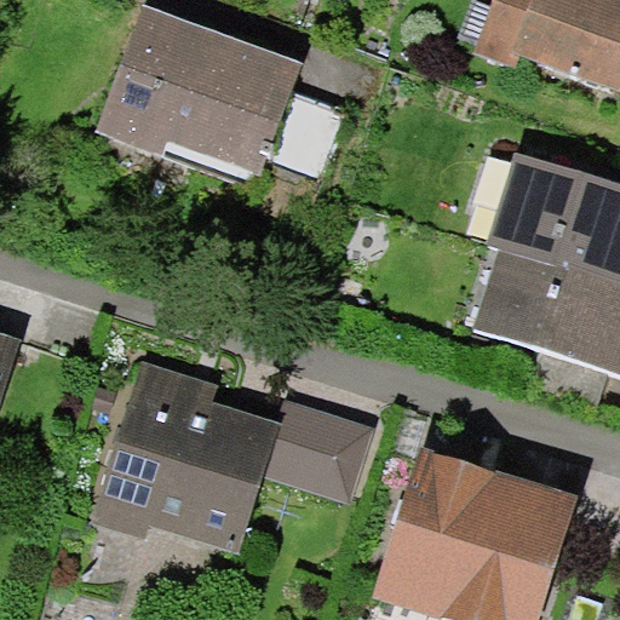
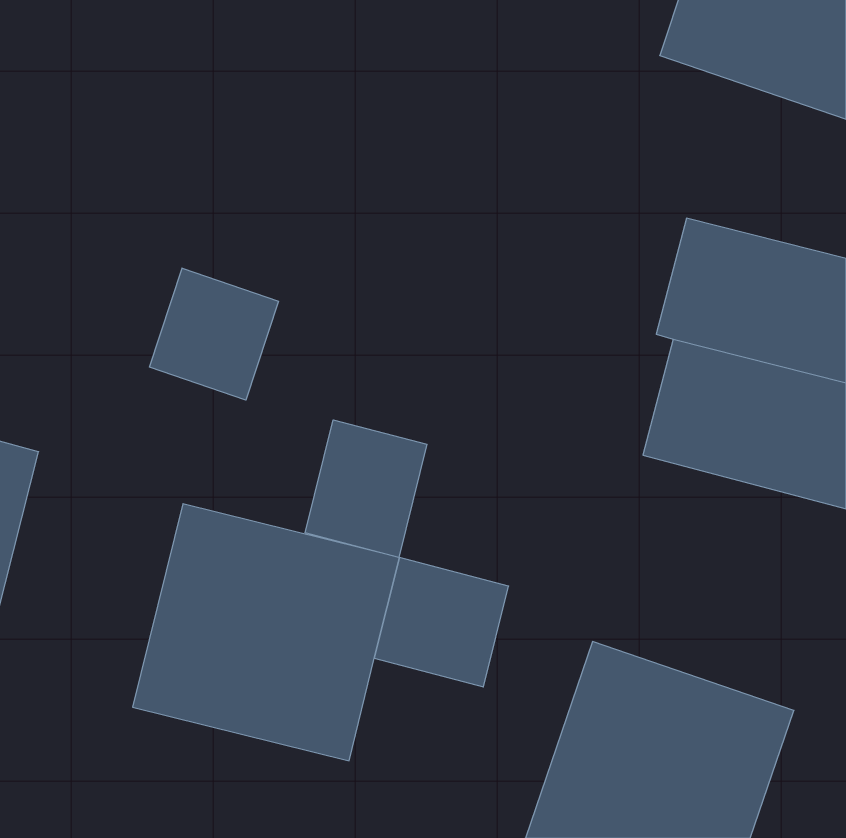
building: [104,18,309,185] -> none
building: none -> [149,268,279,400]
building: none -> [305,420,427,557]

